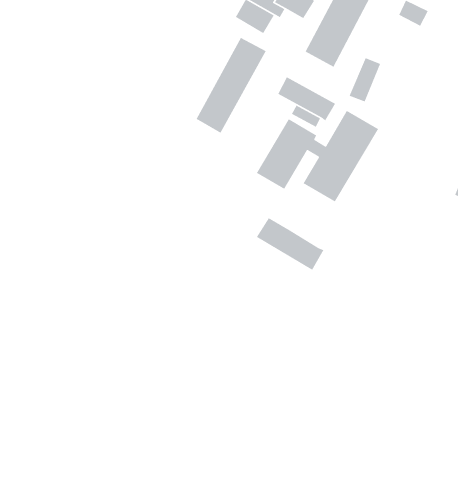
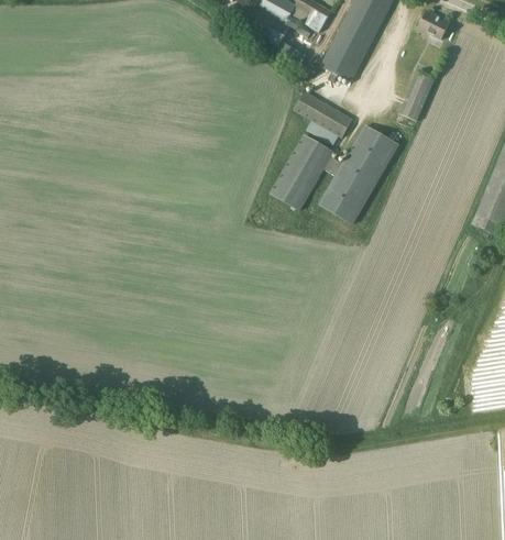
building: [195,37,267,134] -> none
building: [348,57,381,102] -> [399,73,433,120]
building: [256,217,324,271] -> none

